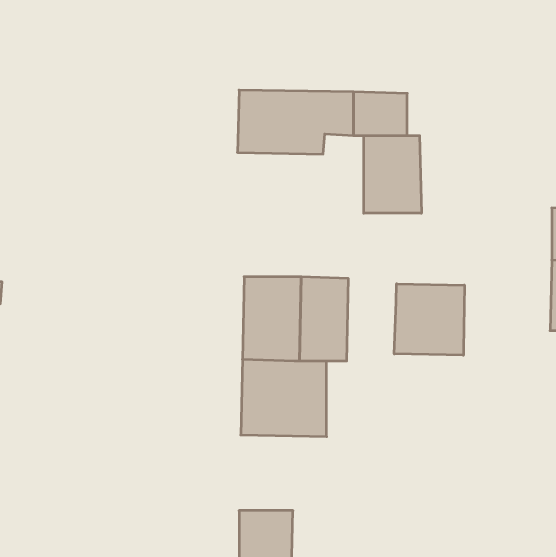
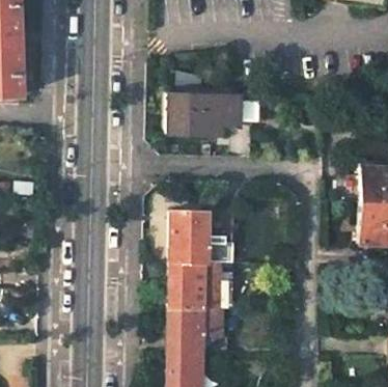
building: [364,136,421,213] -> none
building: [394,284,464,355] -> none
building: none -> [171,308,228,355]

